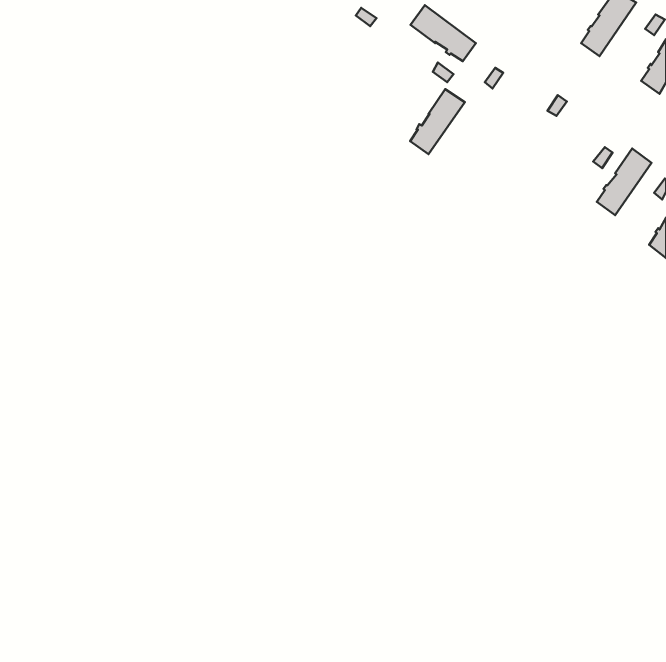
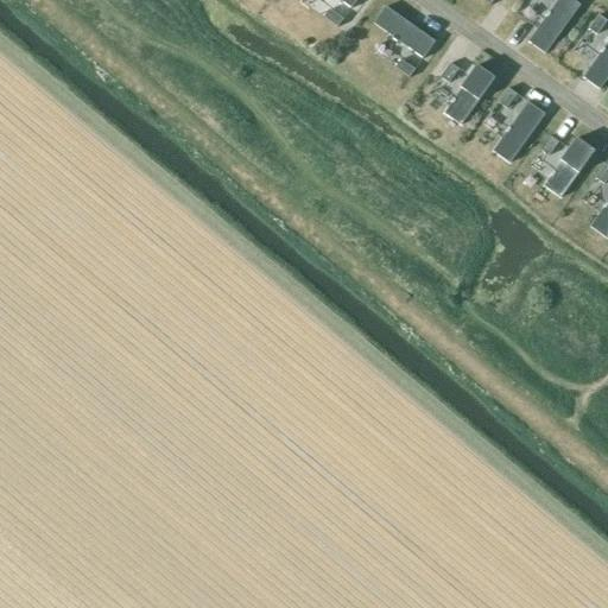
building: [410,89,465,154] -> [444,63,494,122]
building: none -> [494,100,545,160]

